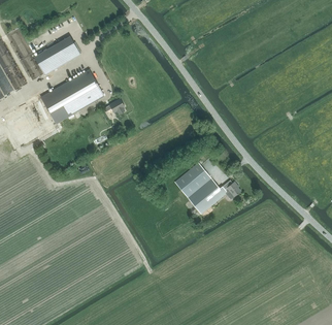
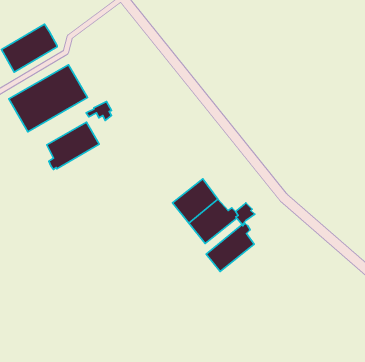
building: none -> [47,122,99,170]
building: none -> [206,223,254,271]

